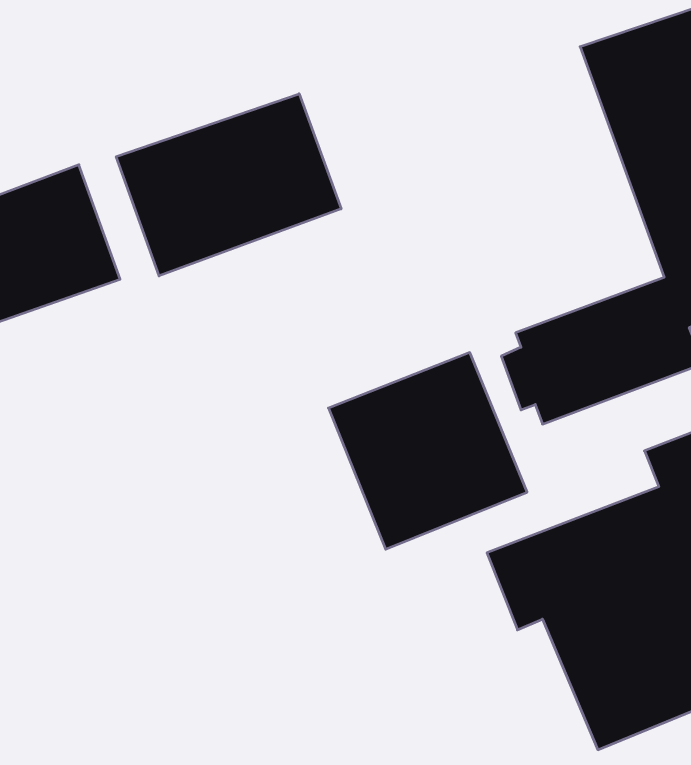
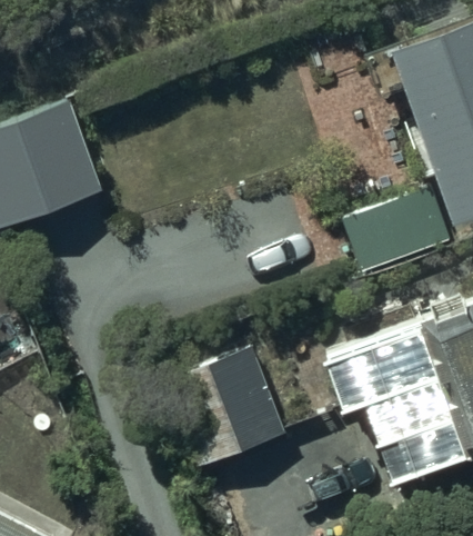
building: [116,94,341,276] -> none
building: [328,353,527,549] -> [164,349,288,472]

